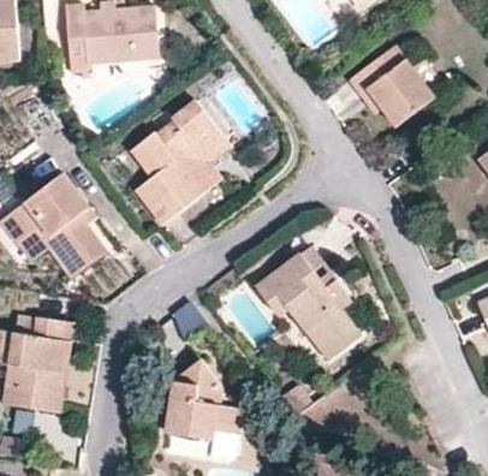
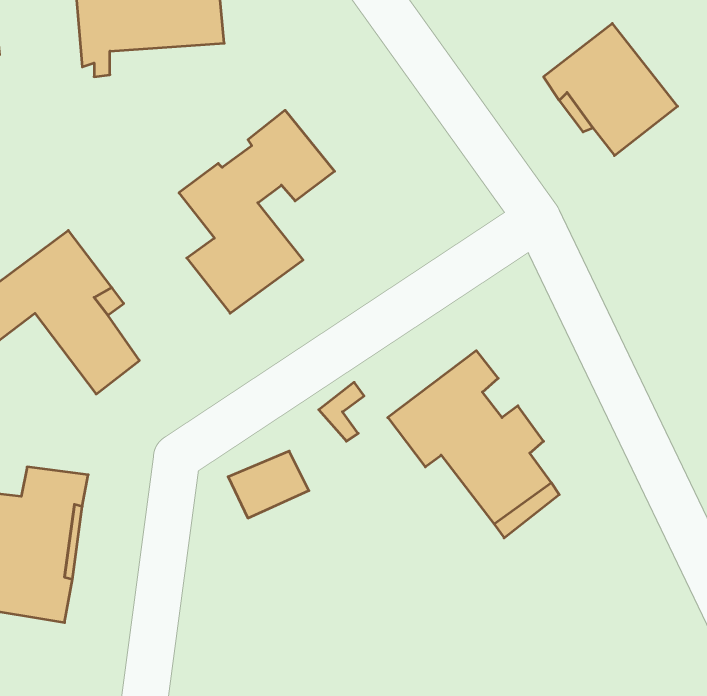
building: [178,136,232,190] -> none
building: [168,368,242,445] -> none

